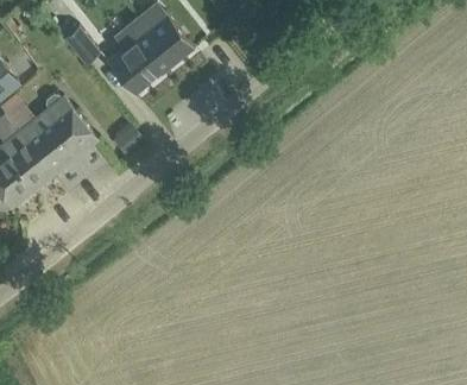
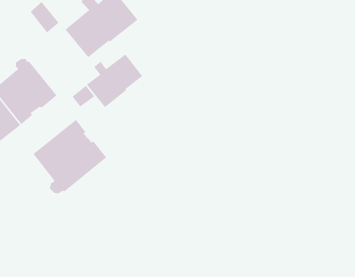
building: none -> [86,53,143,108]
building: none -> [33,119,107,194]

